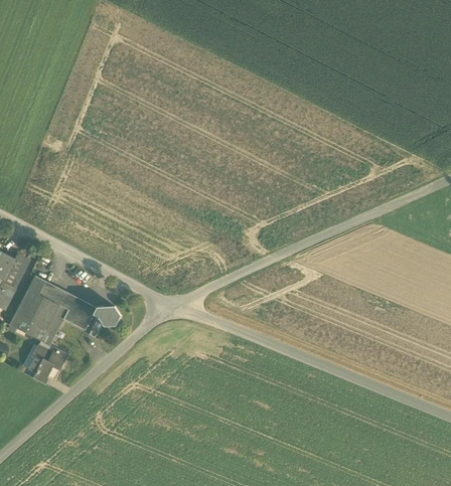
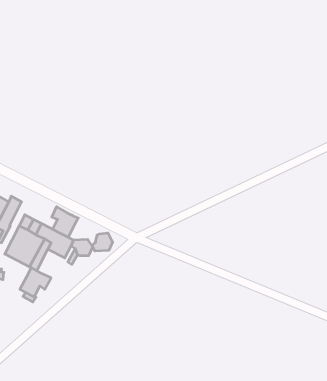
building: none -> [52,207,78,237]
building: none -> [92,233,113,251]

